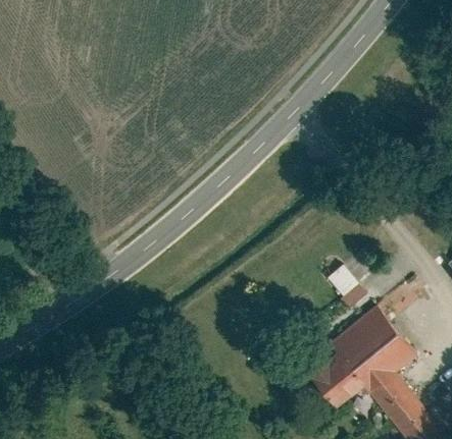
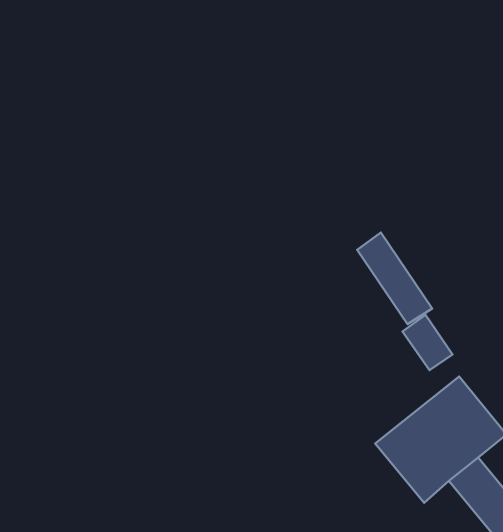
building: none -> [357,233,432,324]

